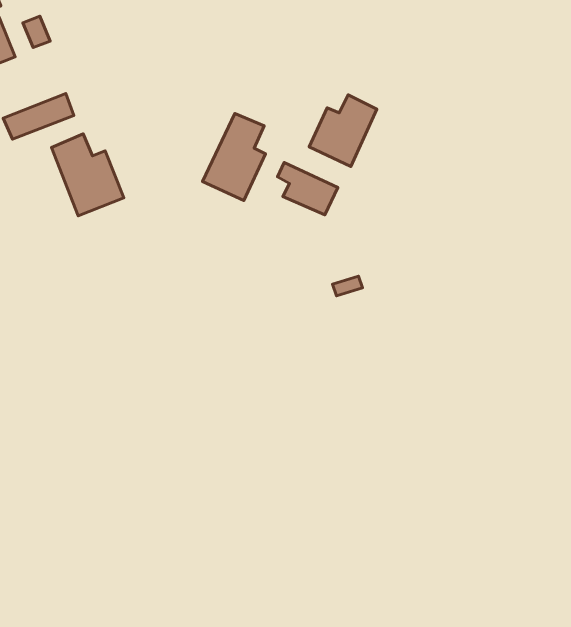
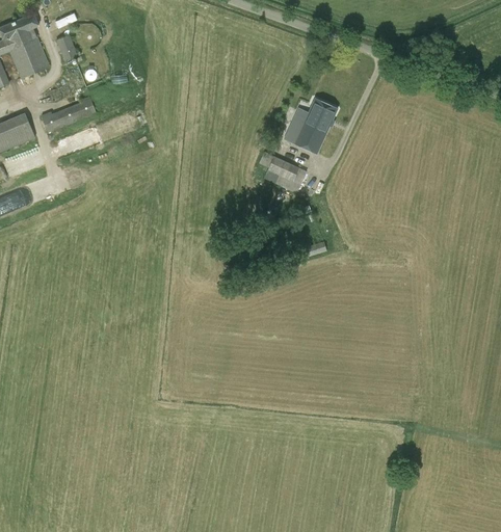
building: [203,113,266,201] -> none
building: [52,134,124,216] -> none

